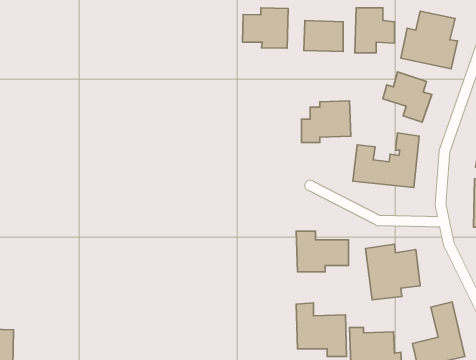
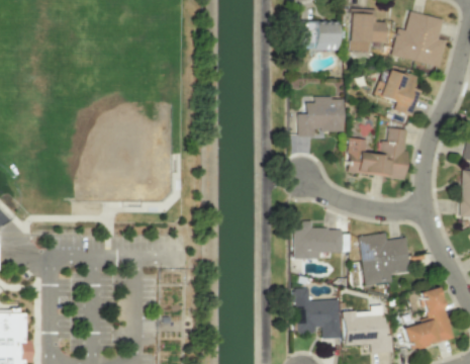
building: [243,8,288,48] -> none

